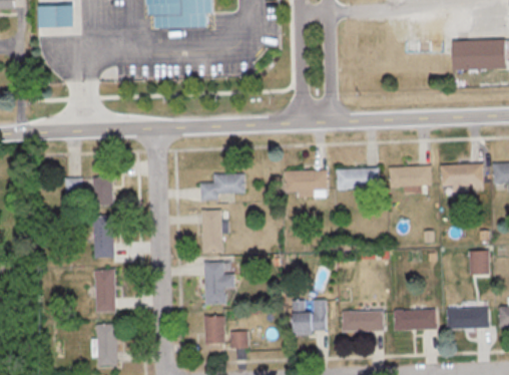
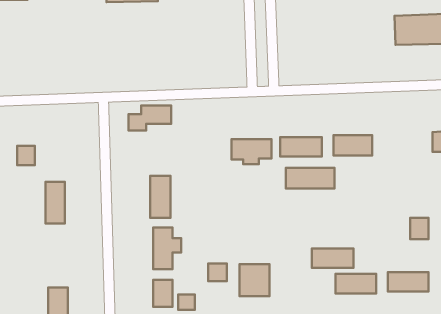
building: [442,164,483,192] -> none
building: [200,173,244,200] -> [129,105,171,131]
building: [91,176,112,206] -> none
building: none -> [286,168,334,189]
building: [94,270,115,313] -> none
building: none -> [208,264,227,281]
building: [341,311,384,331] -> [312,248,354,268]

